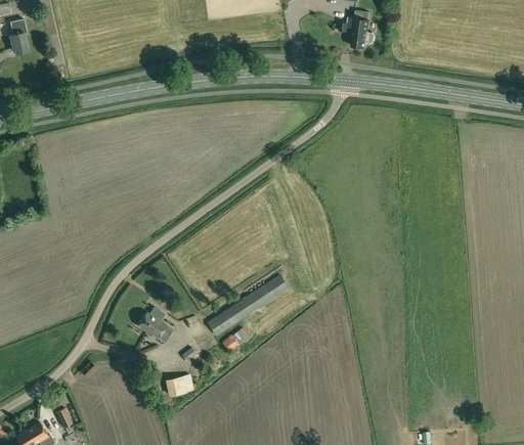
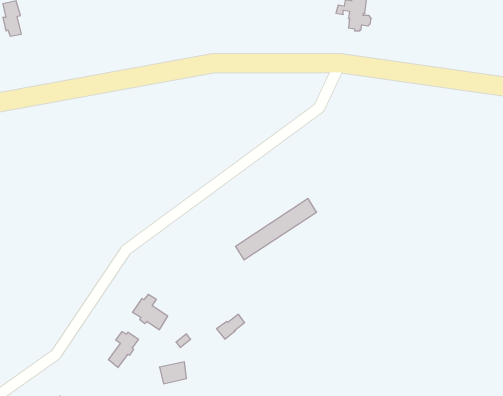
building: [208,274,288,335] -> [236,199,317,260]
building: none -> [109,332,138,368]

